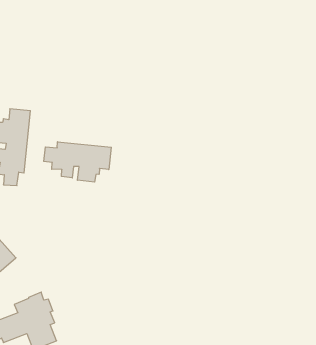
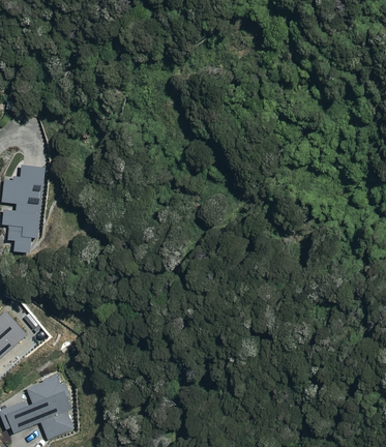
building: [44,142,111,182] -> none

